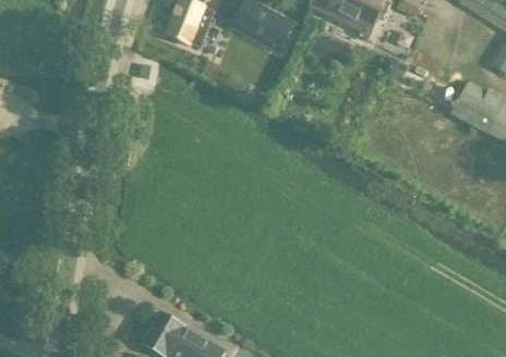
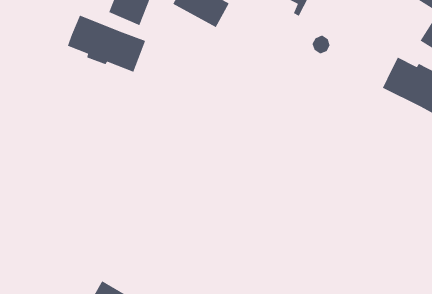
building: none -> [67,15,146,73]

